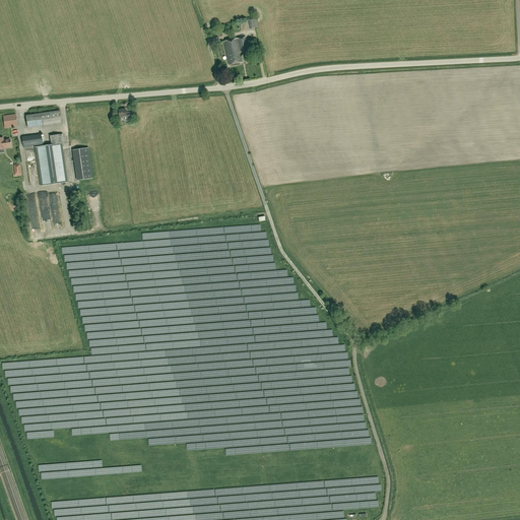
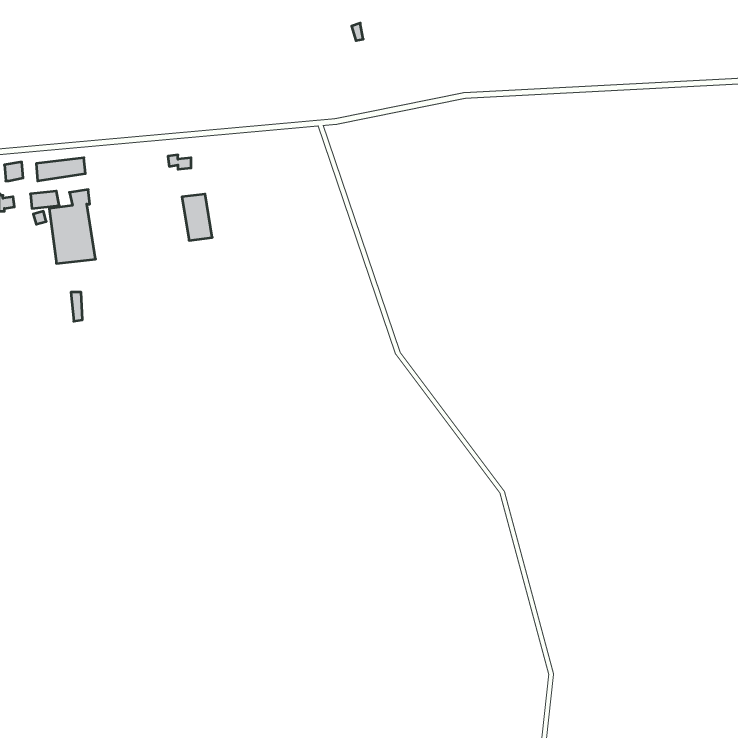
building: [222,36,248,64] -> none
building: [71,147,92,180] -> [182,194,212,240]

